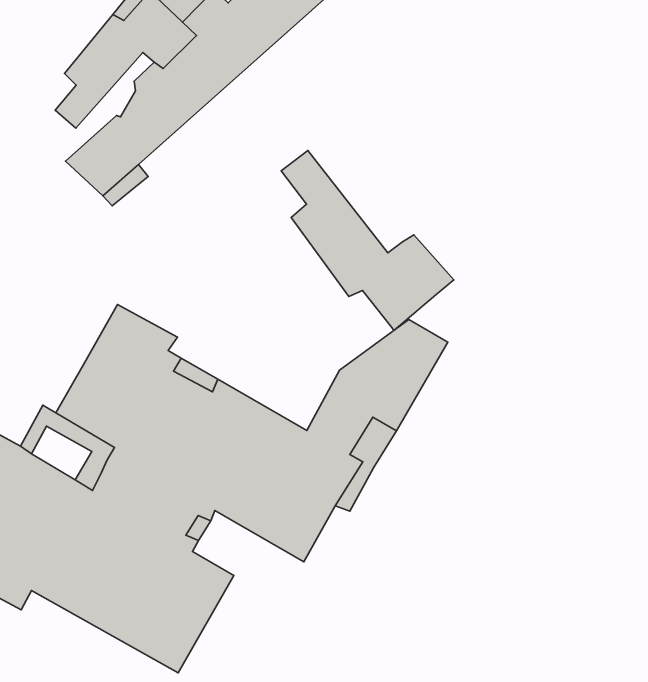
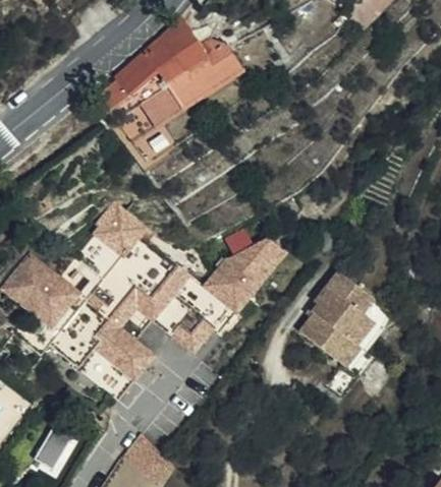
building: [281,151,454,331] -> none
building: none -> [298,271,371,376]

